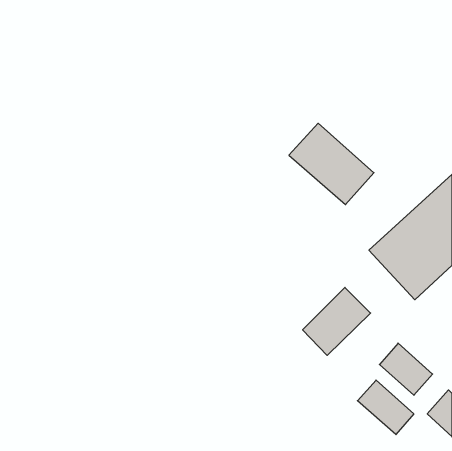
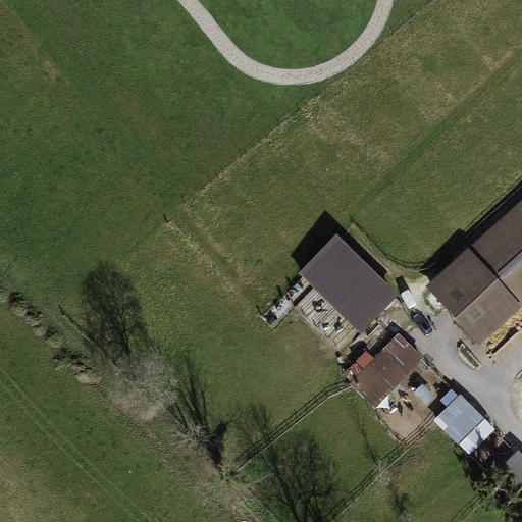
building: [289,123,374,205] -> [301,233,399,327]
building: [357,380,414,435] -> none

